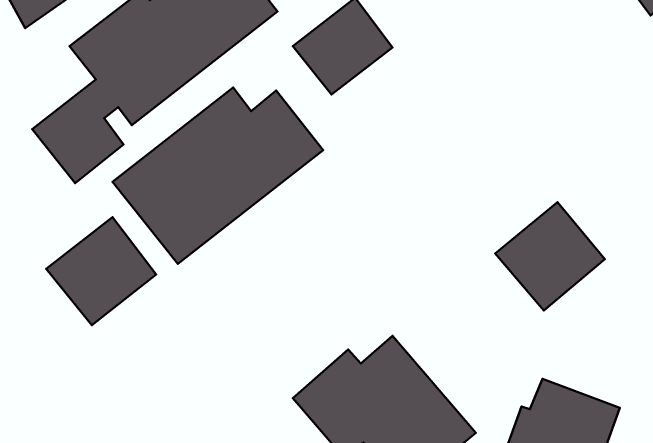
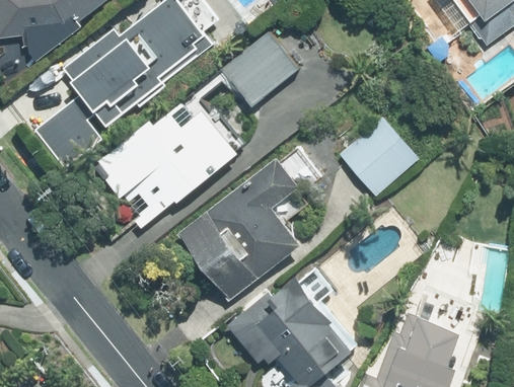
building: none -> [174,156,300,301]
building: [495,202,605,310] -> [337,118,417,197]
building: [46,217,156,325] -> none

